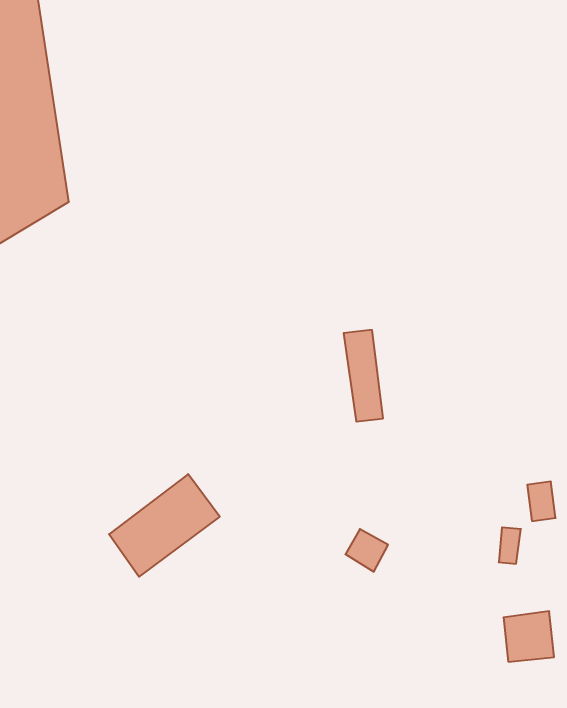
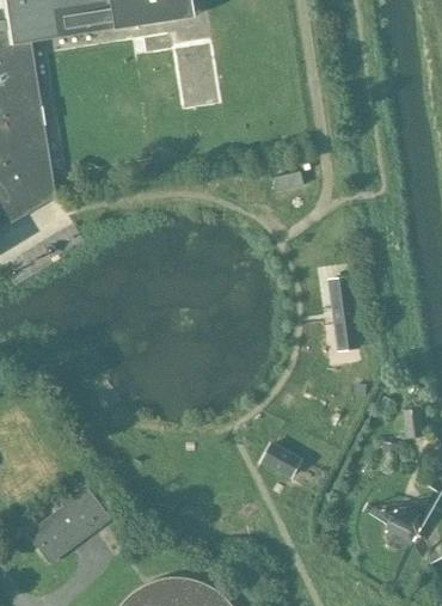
building: [344,330,383,422] -> [326,278,356,348]
building: [109,474,220,577] -> [25,486,109,564]

